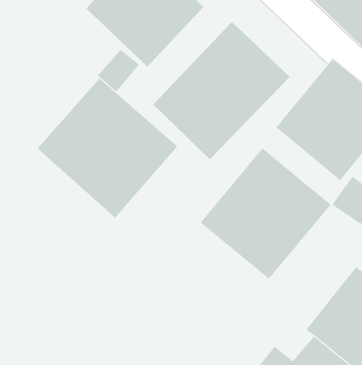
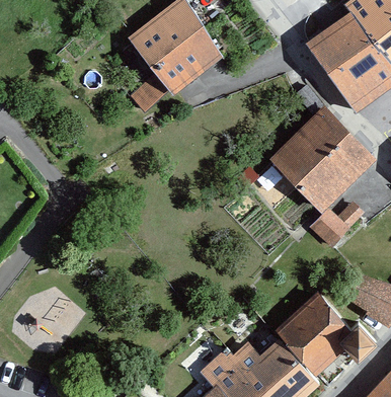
building: [153,21,291,160] -> none
building: [37,78,178,219] -> none
building: [200,147,331,280] -> none

